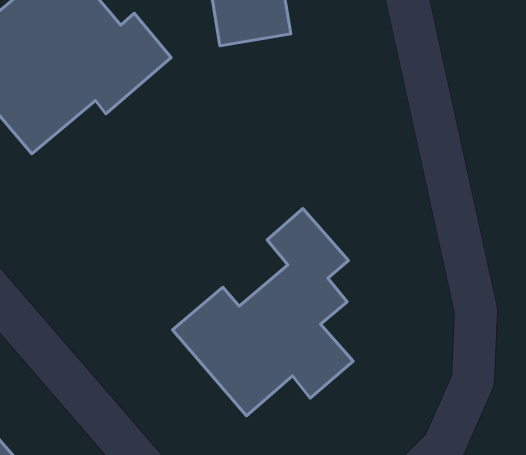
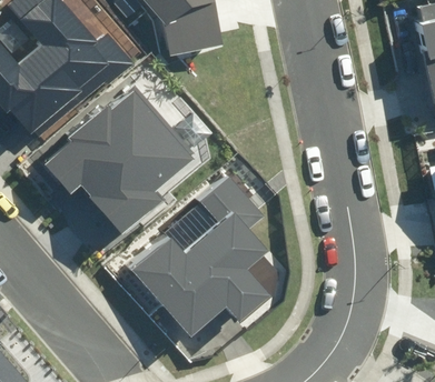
building: none -> [43,87,190,231]

